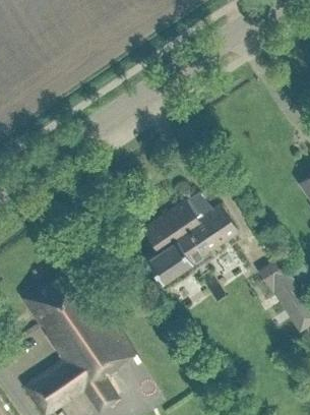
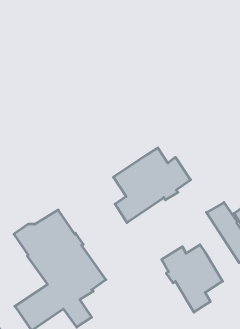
building: none -> [162,245,223,312]

